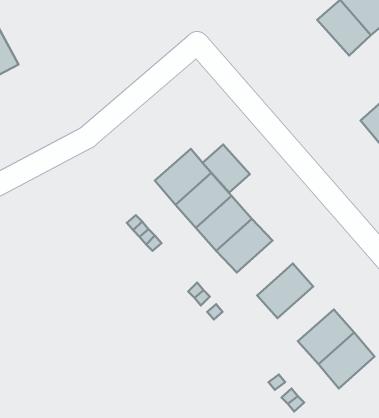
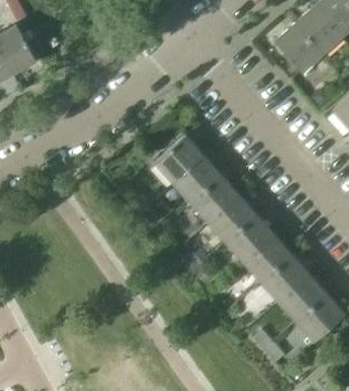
building: none -> [274,23,322,73]
building: [203,144,250,193] -> none
building: none -> [225,214,274,262]
building: none -> [261,254,309,302]

